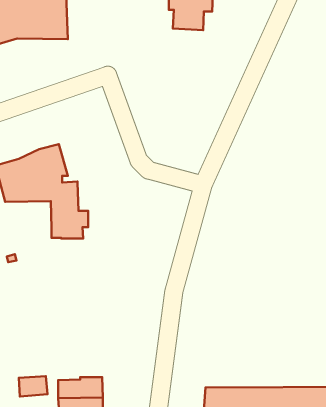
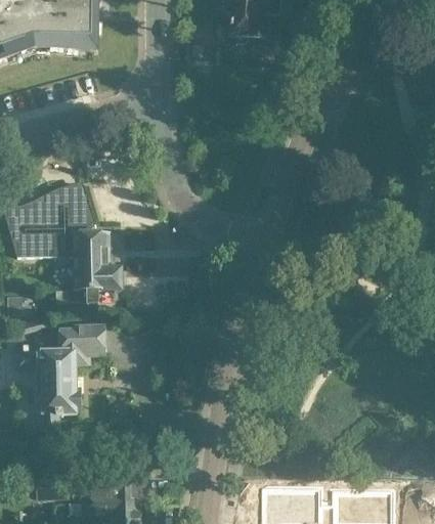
building: none -> [36,323,104,433]

